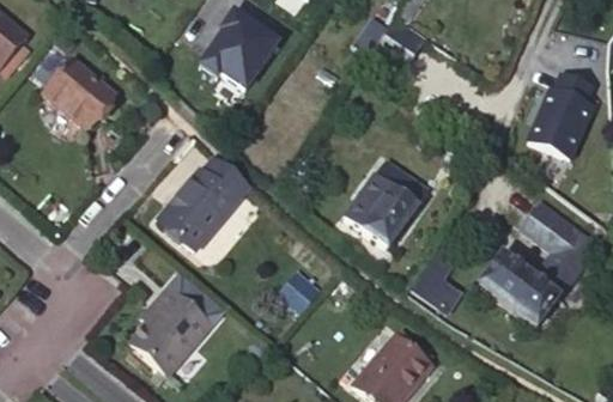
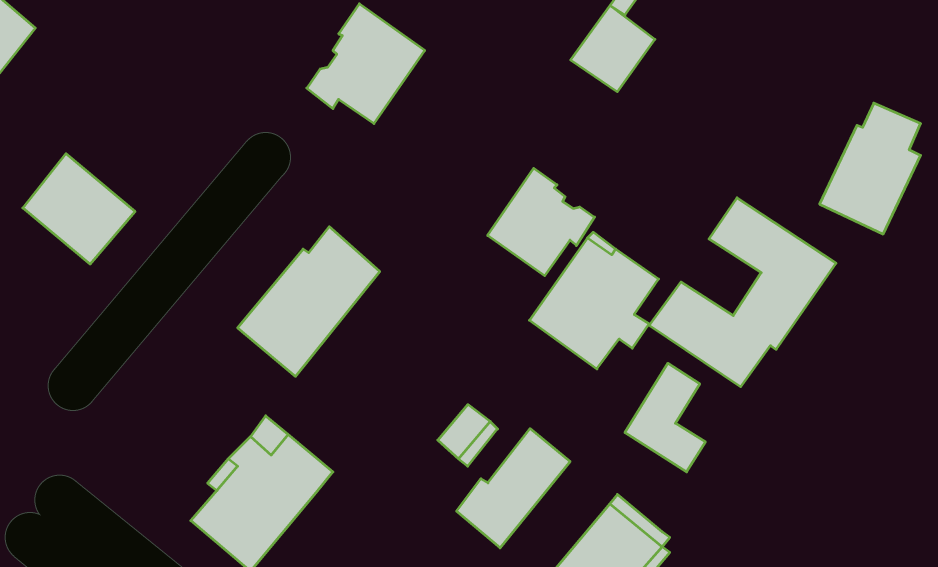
building: [51,54,123,124] -> [23,154,135,264]
building: none -> [488,168,595,276]
building: [480,202,600,323] -> [649,198,836,387]
building: none -> [457,429,570,548]

